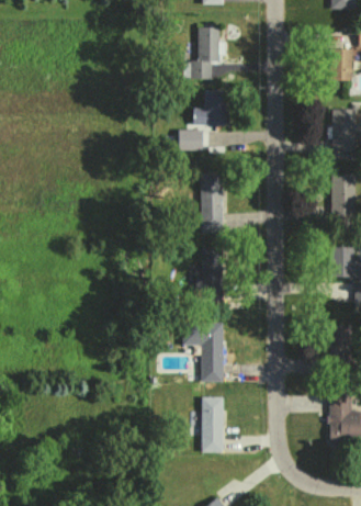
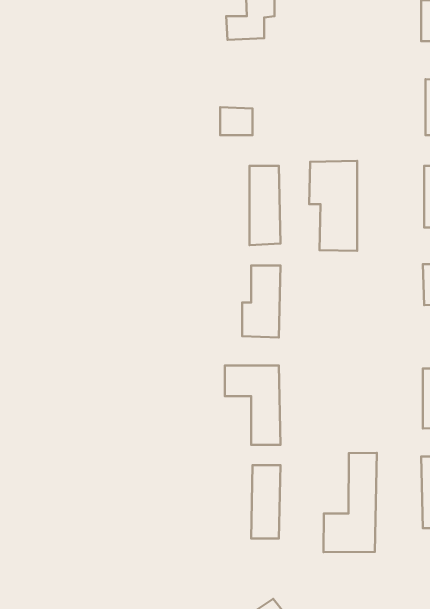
building: [193,91,228,125] -> none
building: none -> [309,161,357,251]
building: none -> [323,453,377,552]

